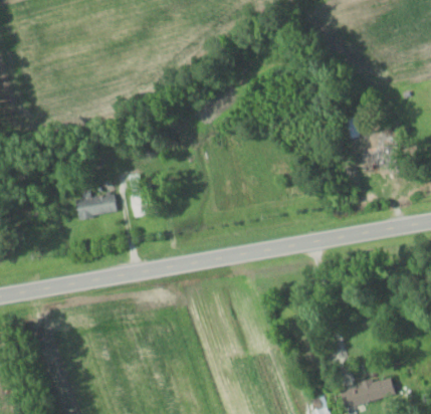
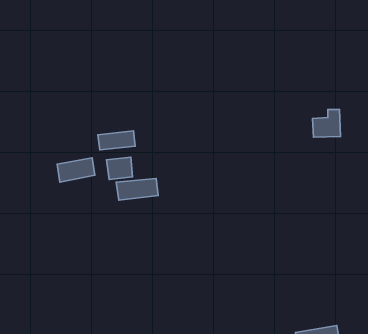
building: none -> [98,131,135,150]
building: none -> [116,179,158,200]

